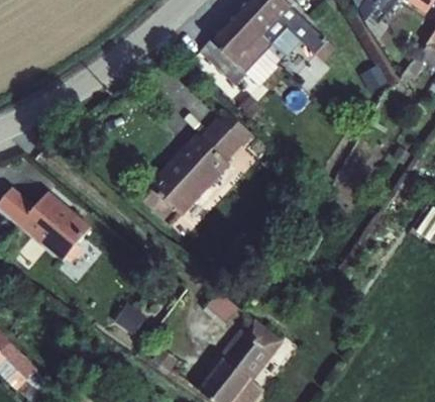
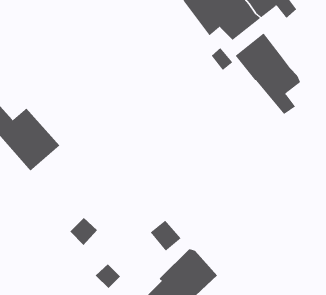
building: none -> [235,32,301,115]
building: [140,113,251,225] -> none

